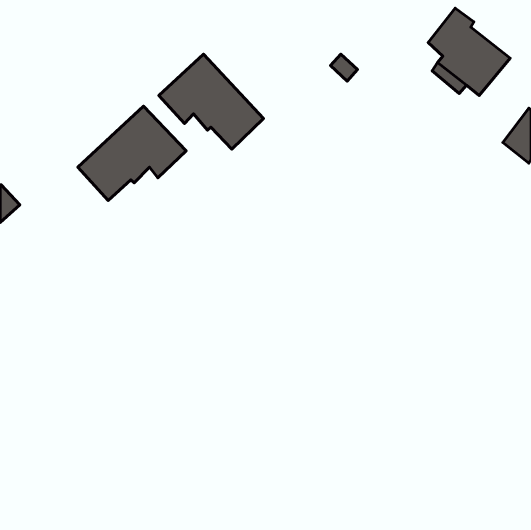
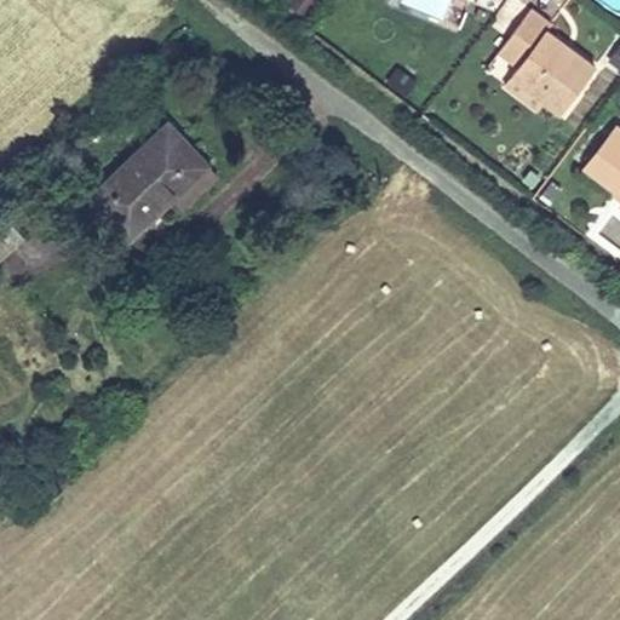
building: [159,54,264,149] -> none

